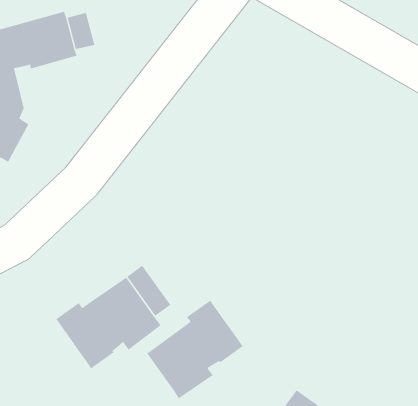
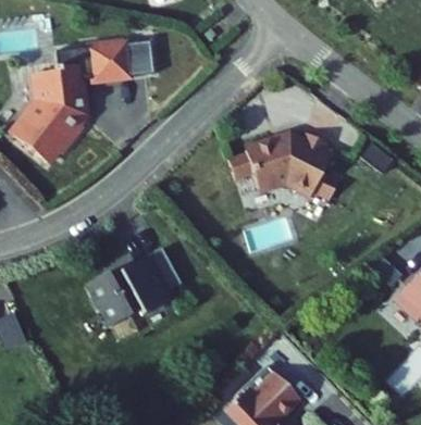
building: none -> [227,134,338,199]
building: [147,300,243,399] -> none

